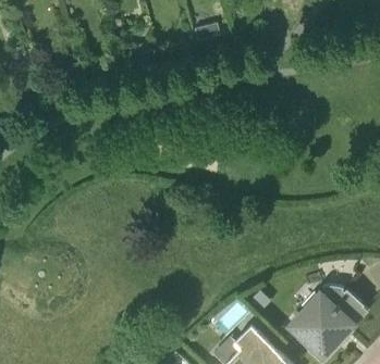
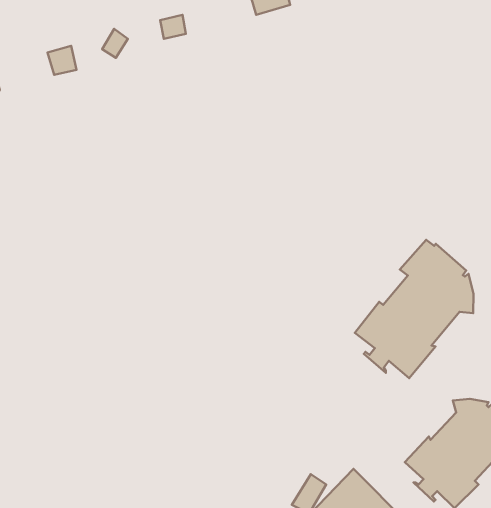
building: none -> [355,240,474,378]

